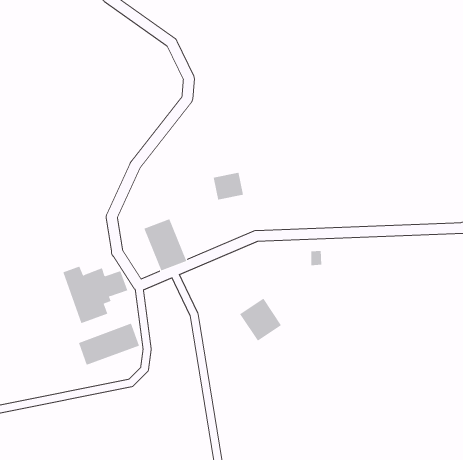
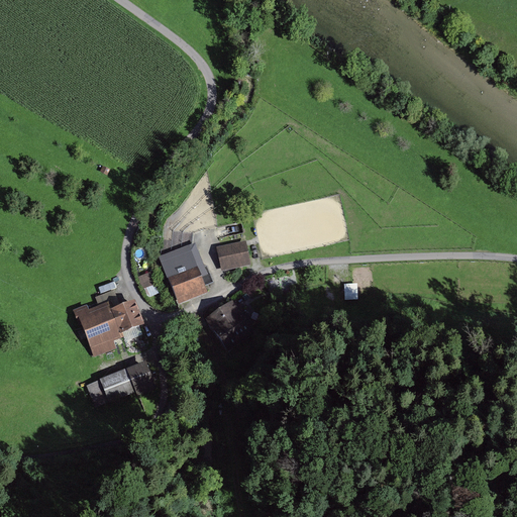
building: [213,172,244,200] -> [216,238,250,270]
building: [239,298,282,341] -> [205,300,252,348]

